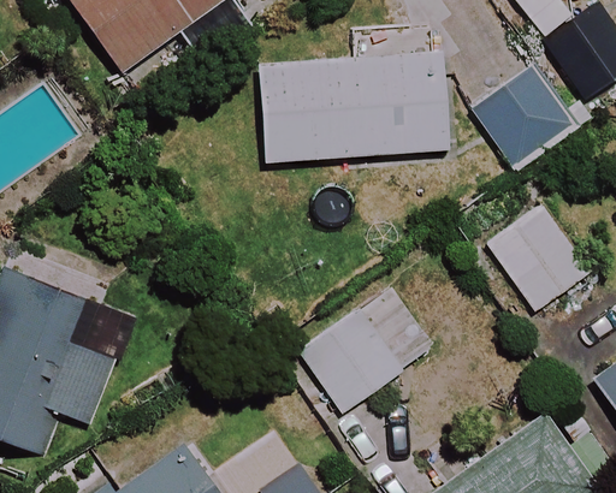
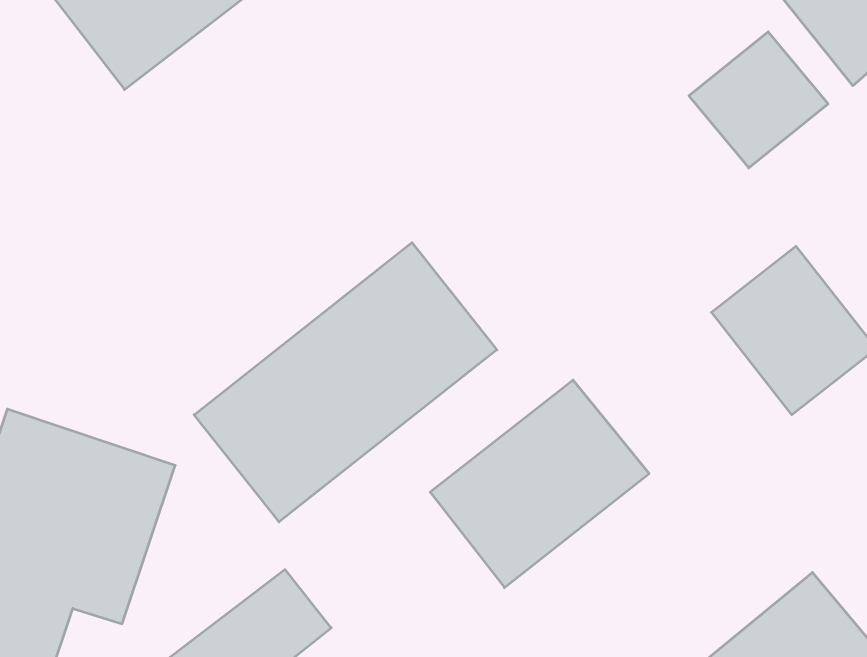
building: [259,55,446,162] -> none
building: none -> [194,243,497,522]

